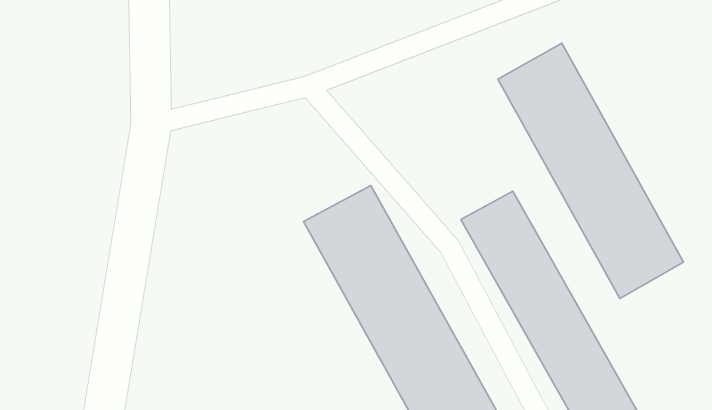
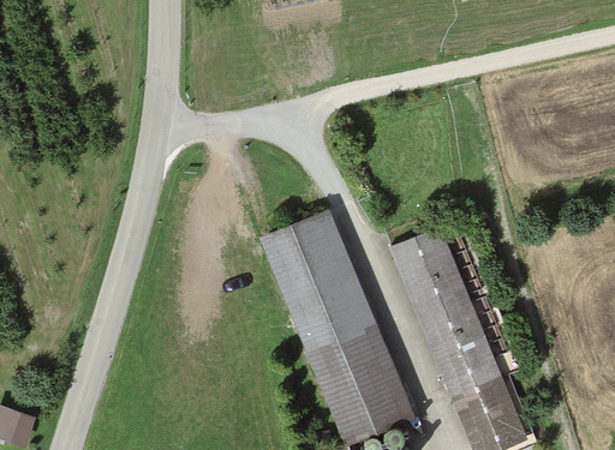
building: [498,43,684,298] -> none

